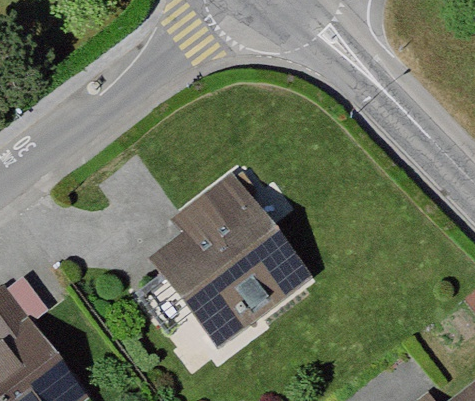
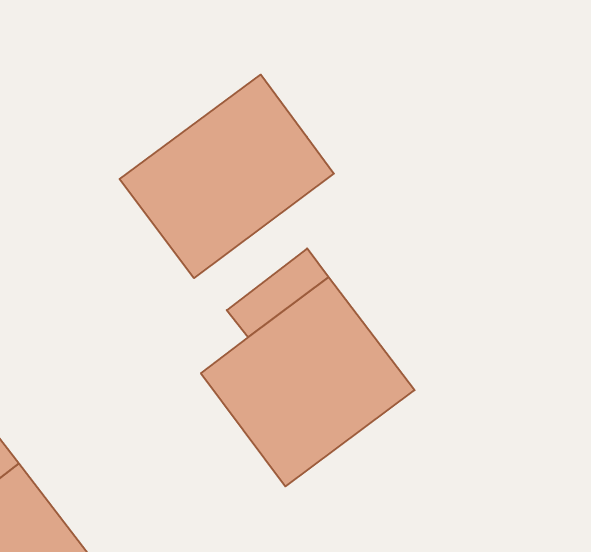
building: none -> [120,75,334,278]

